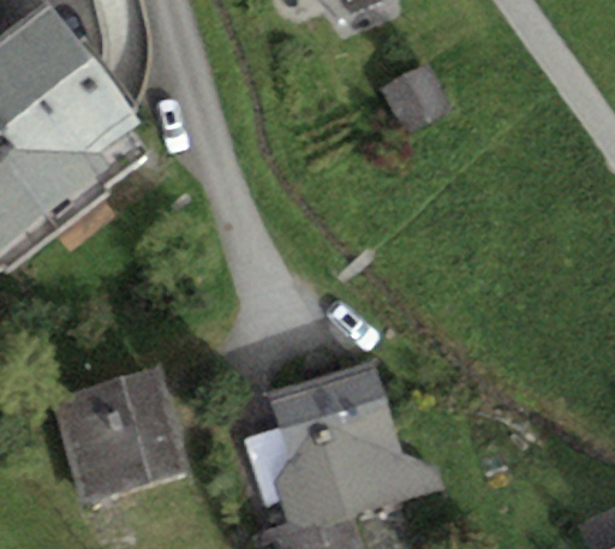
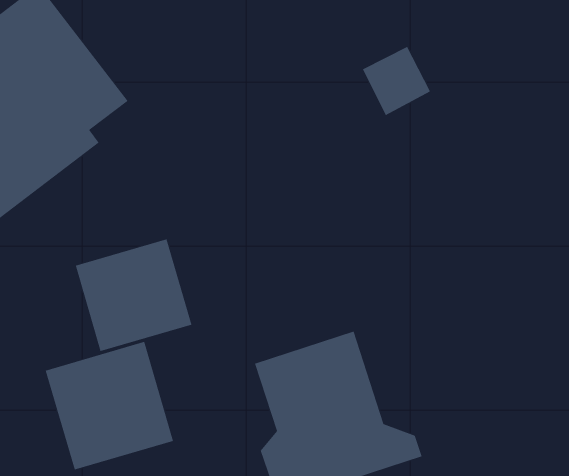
building: none -> [75,238,192,352]

